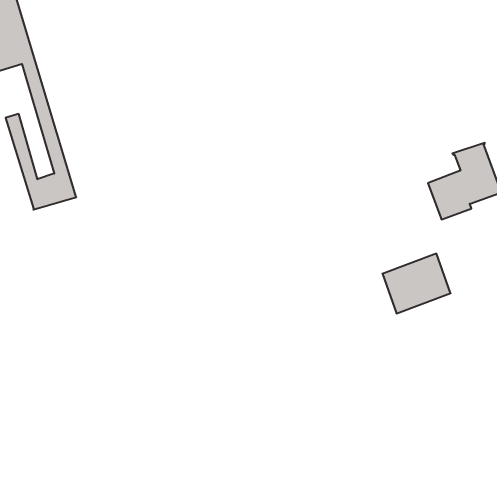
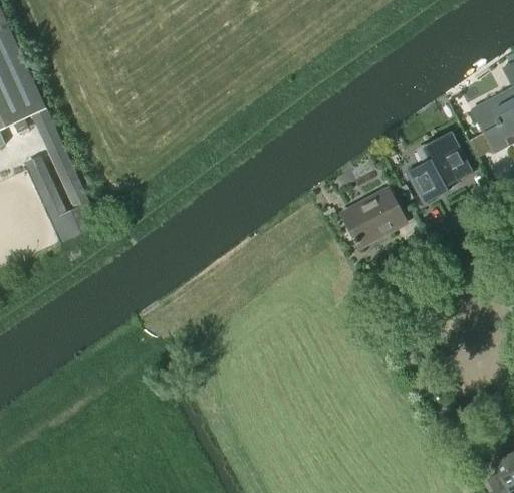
building: [382,254,451,313] -> [341,189,404,246]

